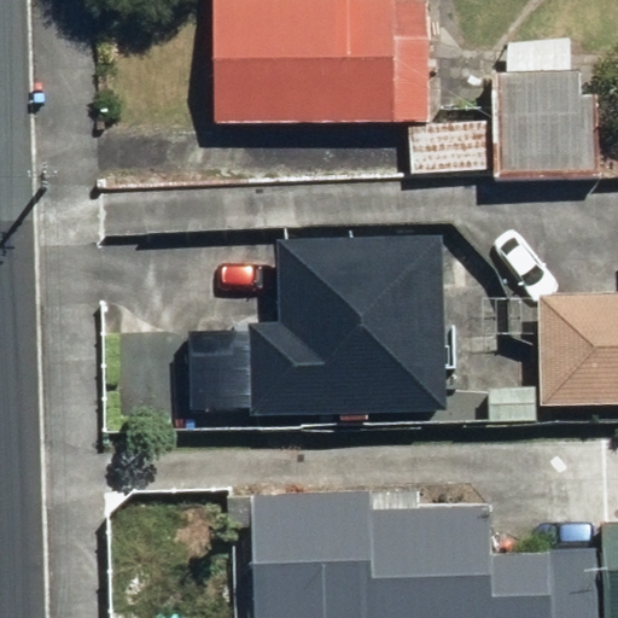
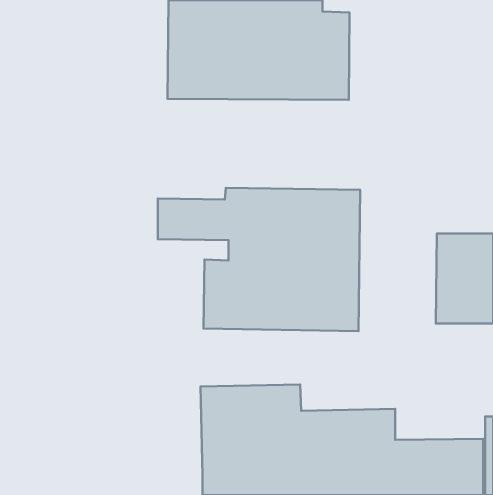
building: [497,74,608,179] -> none

